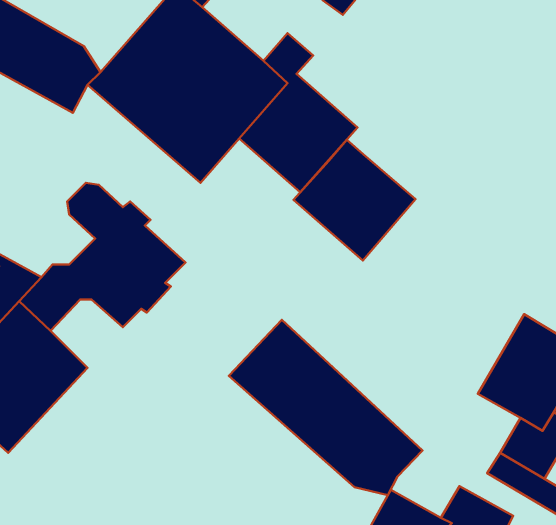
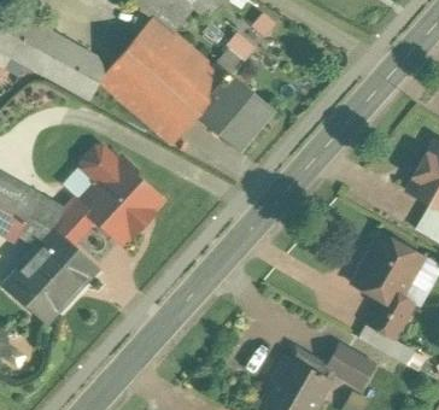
building: [294,140,416,261] -> none
building: [229,320,422,495] -> none

